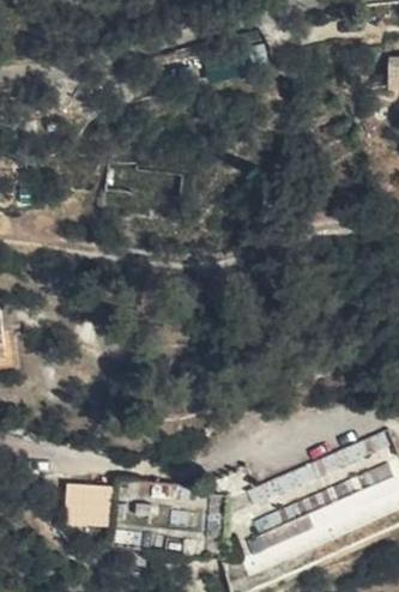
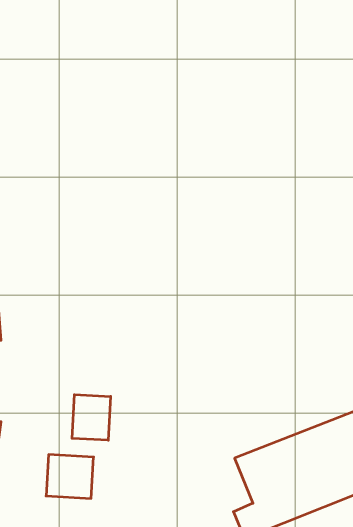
building: none -> [72,395,111,440]

